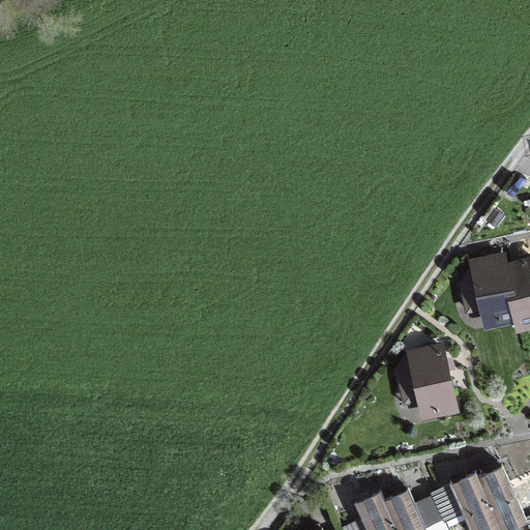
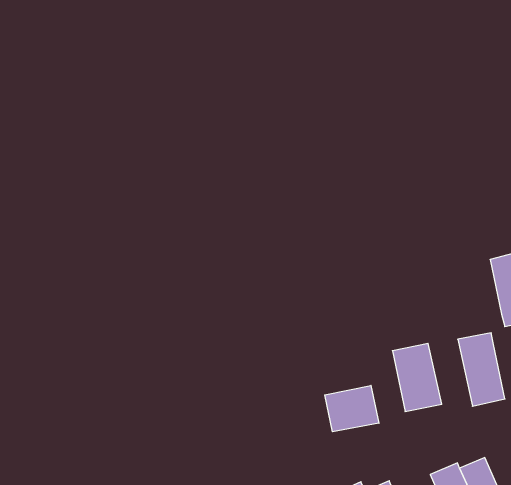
building: [470,258,517,330] -> [458,333,505,406]
building: none -> [325,385,379,432]

